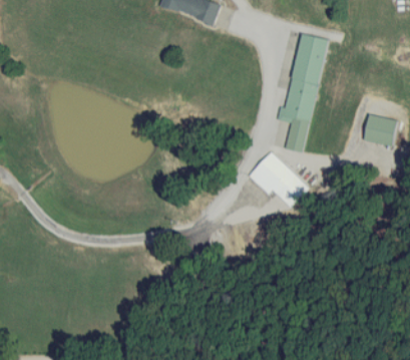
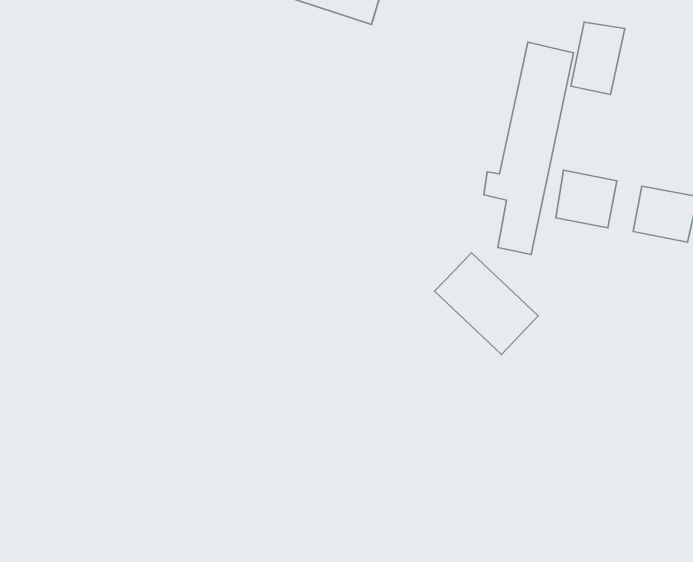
building: none -> [571,22,625,95]
building: none -> [556,170,617,228]

